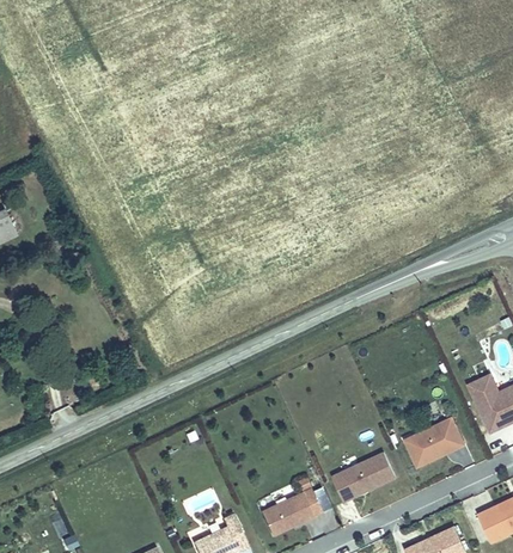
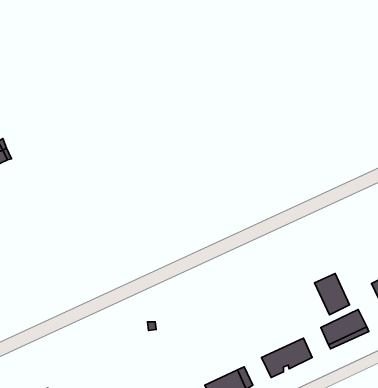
building: none -> [314,273,350,315]

